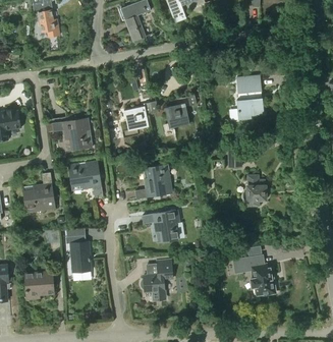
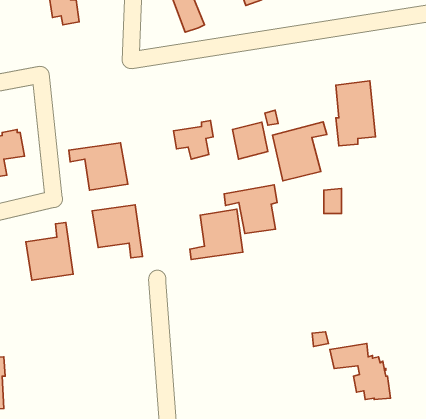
building: none -> [272,122,327,181]
building: [243,174,265,206] -> none
building: [143,209,179,242] -> [224,185,277,234]
building: [66,234,91,271] -> none
building: [141,264,172,300] -> none
building: [25,270,54,298] -> none

